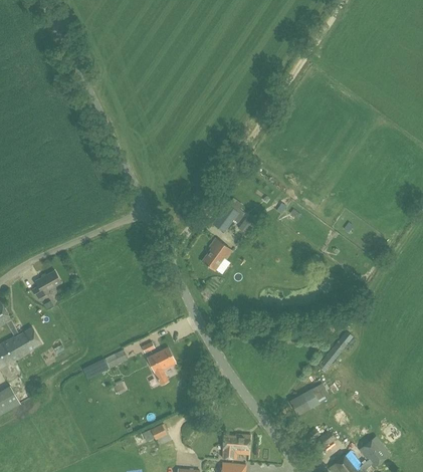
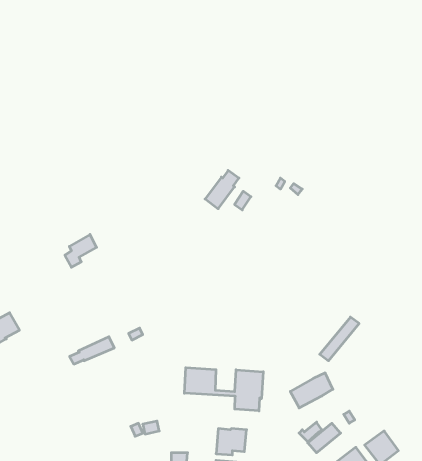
building: [201,237,232,270] -> none
building: [31,270,60,300] -> [65,234,97,267]
building: [147,346,175,385] -> none
building: none -> [184,368,263,411]

